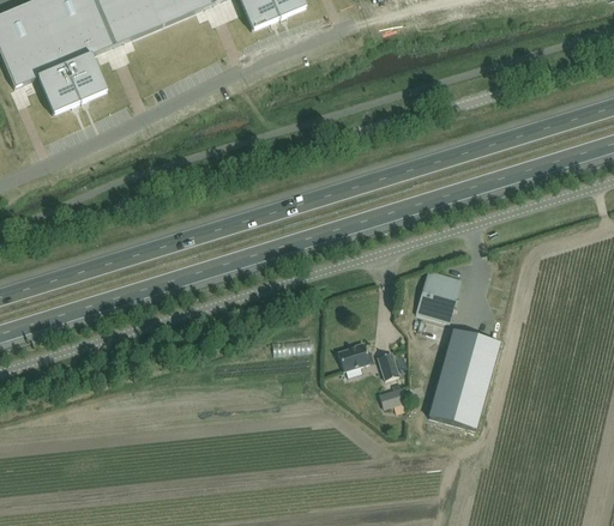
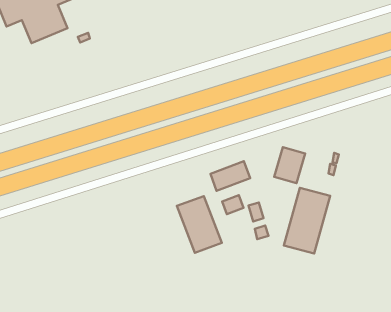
building: none -> [210,161,250,191]
building: none -> [177,196,222,253]

